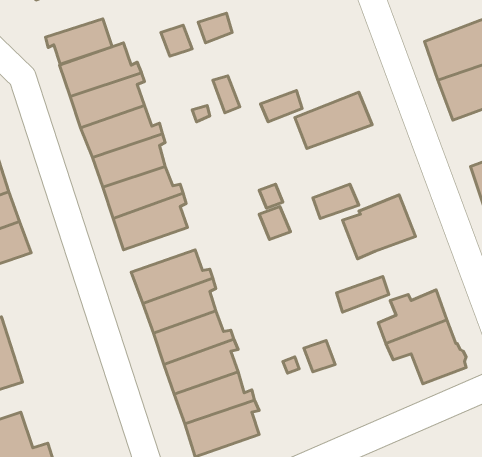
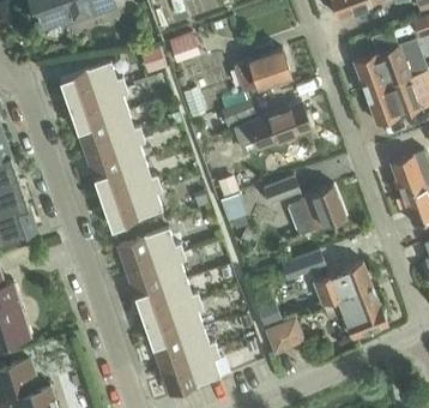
building: [45,19,112,64] -> none
building: none -> [235,49,291,91]
building: none -> [266,319,303,353]

